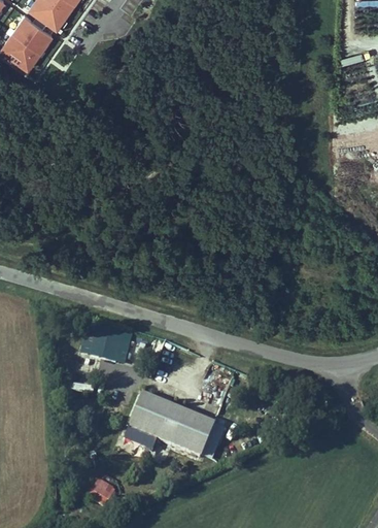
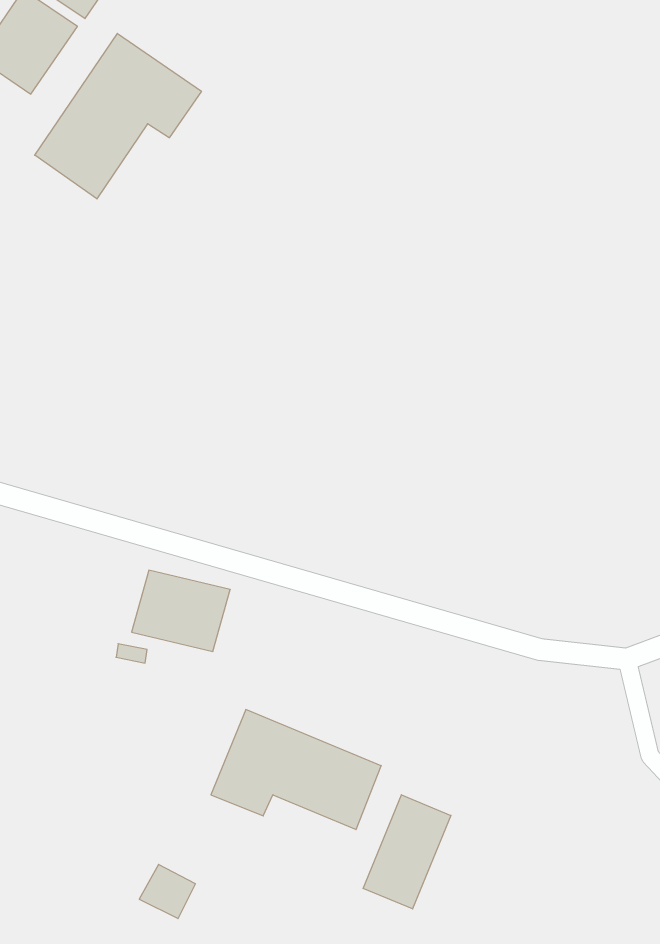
building: none -> [35,33,201,199]
building: none -> [363,795,451,909]

